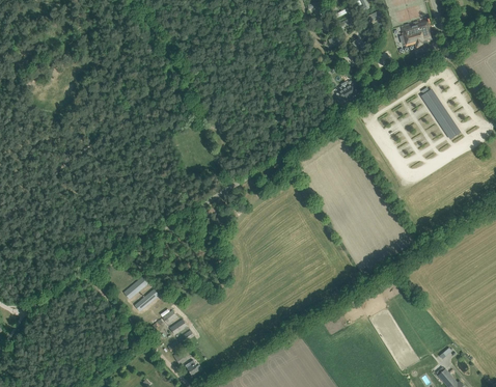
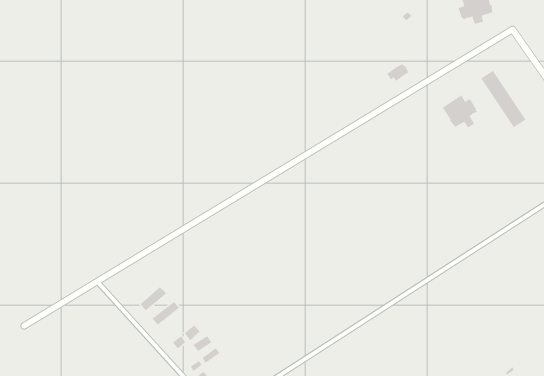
building: none -> [442,94,478,129]

